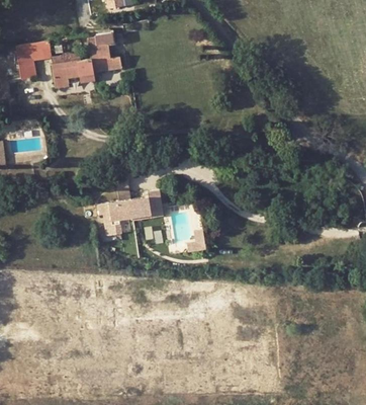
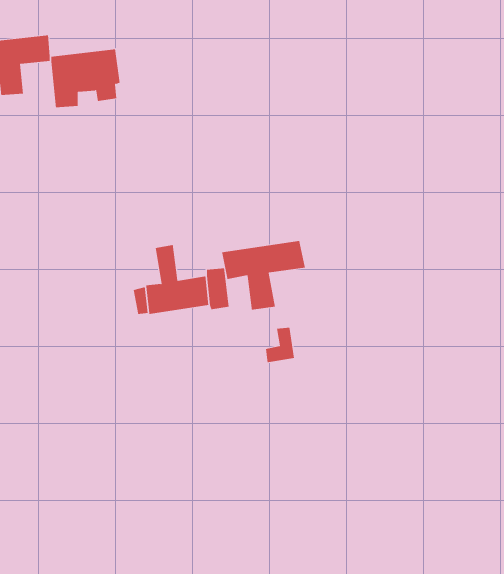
building: [89,32,121,72] -> none
building: none -> [221,240,305,311]

